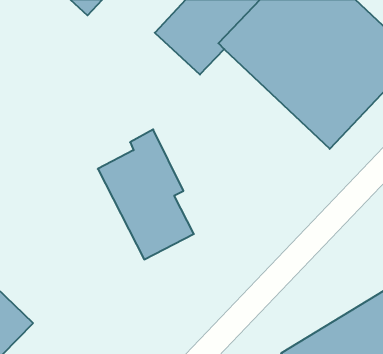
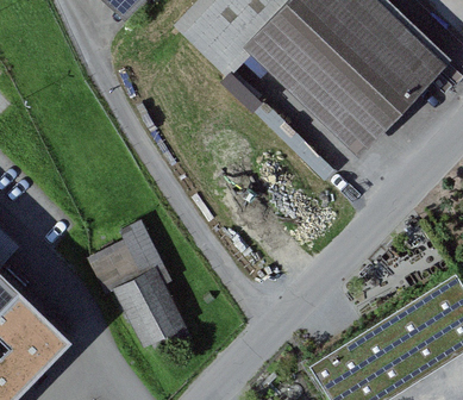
building: [98,129,194,259] -> [83,217,182,350]

